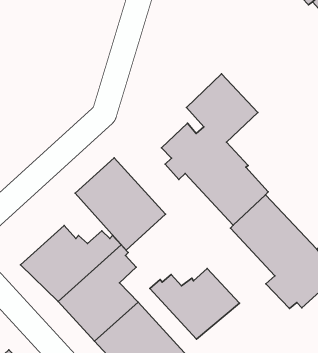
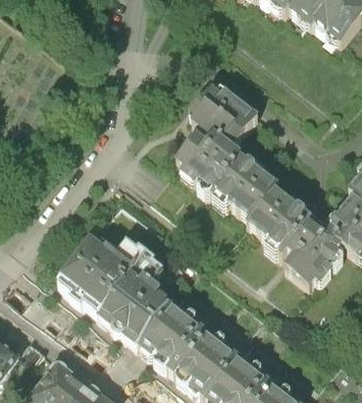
building: [75,158,165,250] -> none
building: [150,268,240,339] -> none

